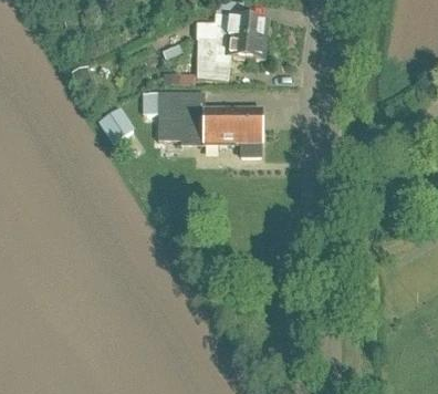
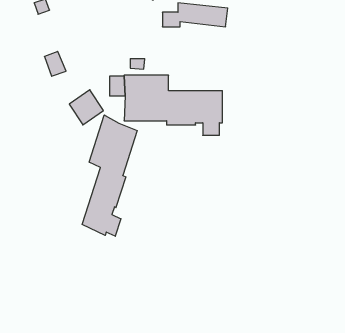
building: [197,33,267,80] -> none
building: none -> [82,115,137,236]

